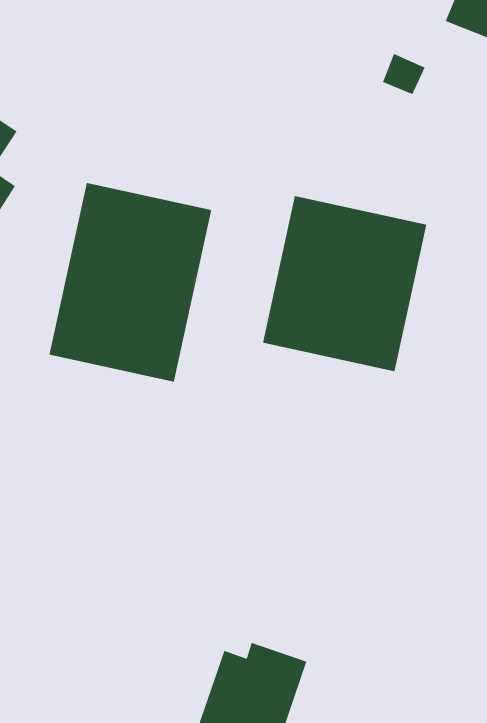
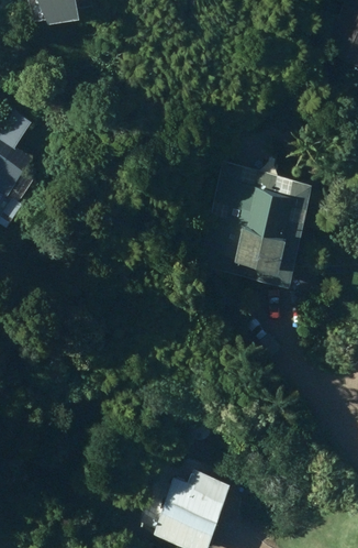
building: [49,182,212,382] -> none

